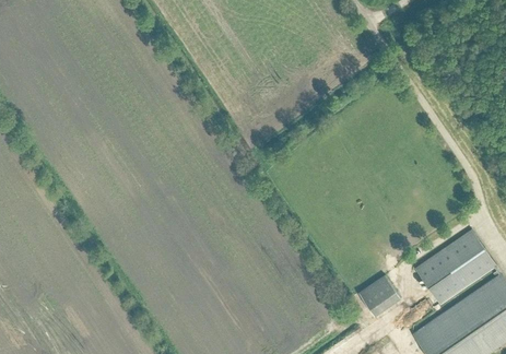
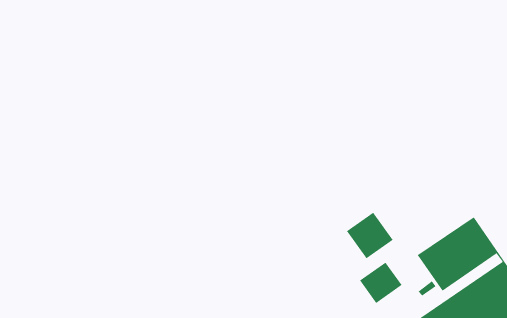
building: none -> [346,212,393,259]

